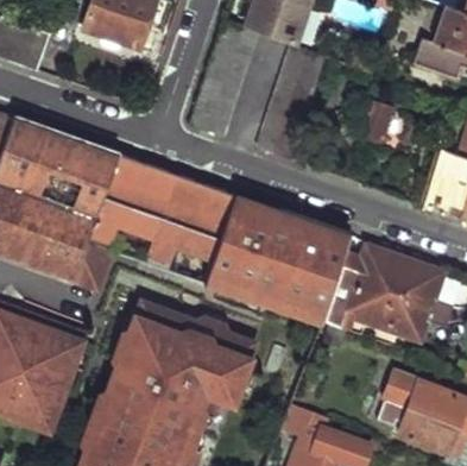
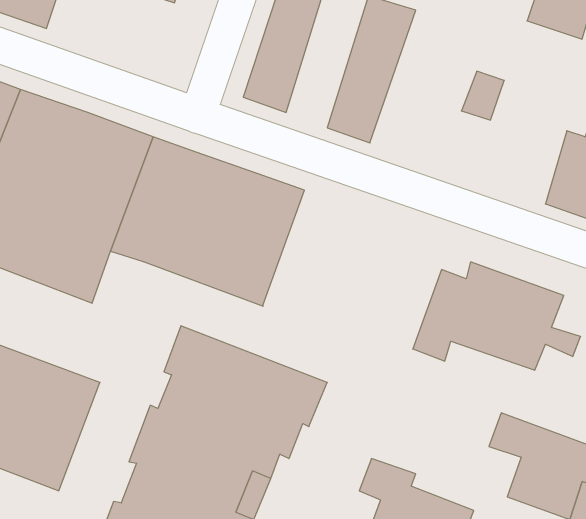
building: [207,195,354,325] -> none
building: [74,243,114,292] -> none

